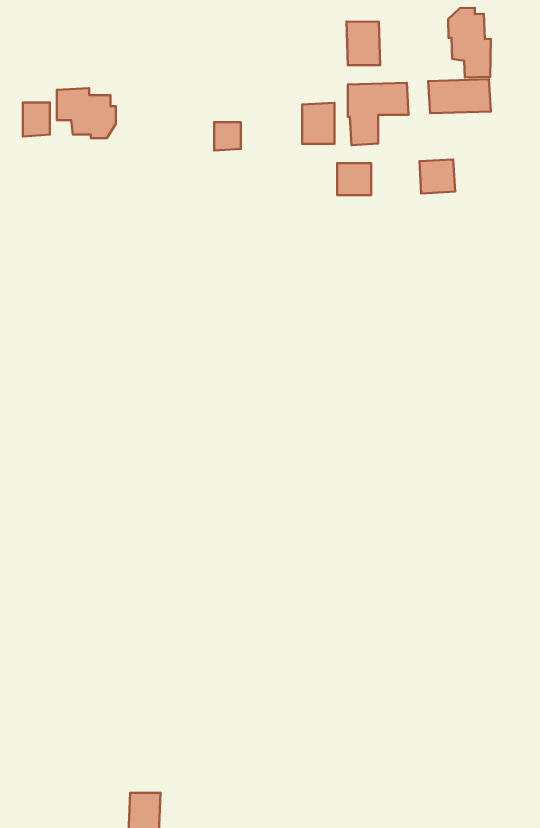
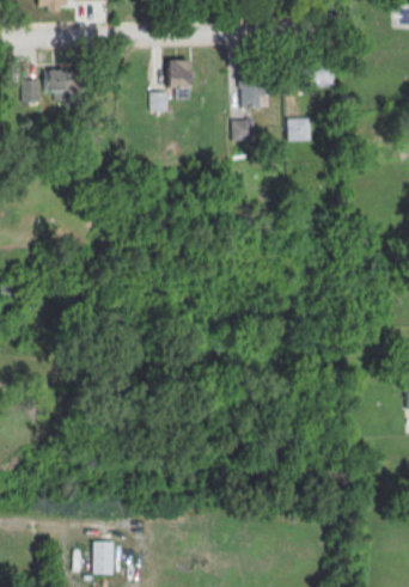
building: [448,8,491,78] -> none
building: [346,22,380,65] -> none
building: [302,103,334,144] -> [169,60,190,87]

